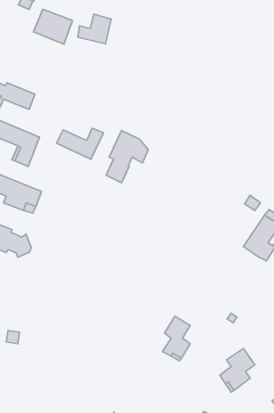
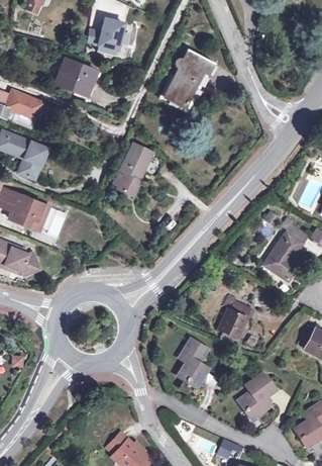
building: [33,9,72,44] -> [56,59,97,96]
building: none -> [164,50,214,108]
building: [56,128,103,159] -> none
building: none -> [218,294,251,338]

